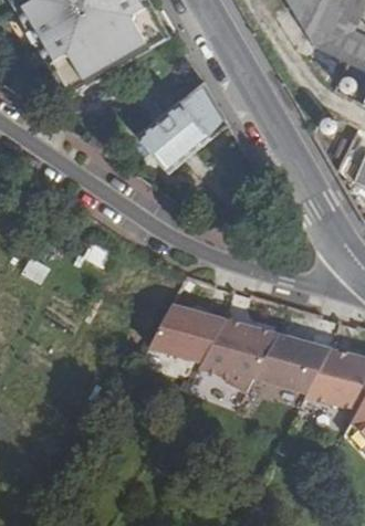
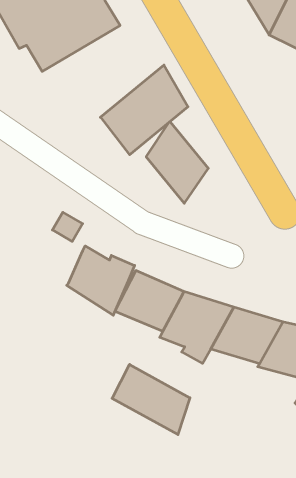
building: none -> [146,122,208,203]
building: none -> [67,246,135,315]
building: none -> [112,364,190,435]

